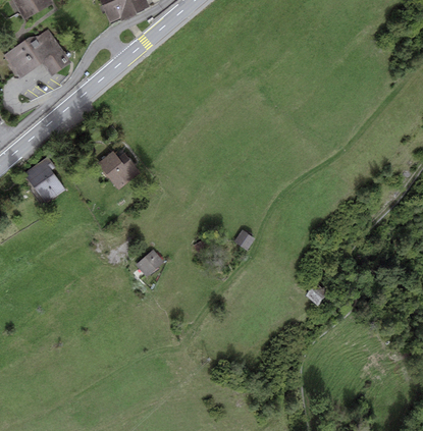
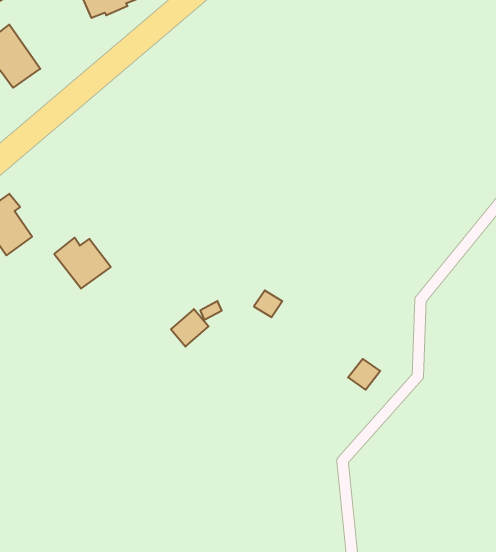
building: [98,151,141,190] -> [54,238,111,289]
building: [136,249,164,277] -> [171,309,209,347]

